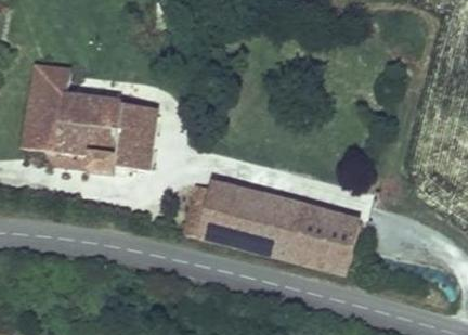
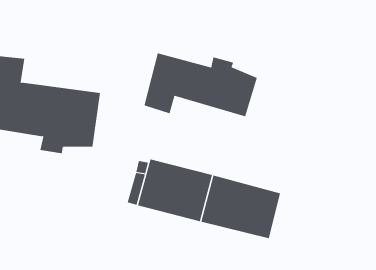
building: none -> [144,53,257,117]

